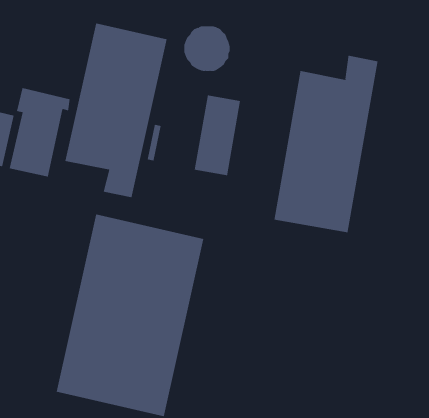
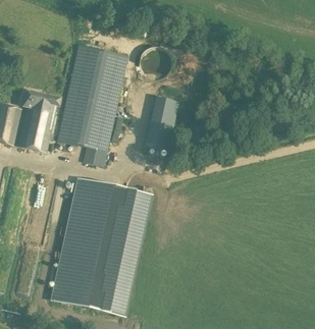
building: [274,55,378,233] -> none

